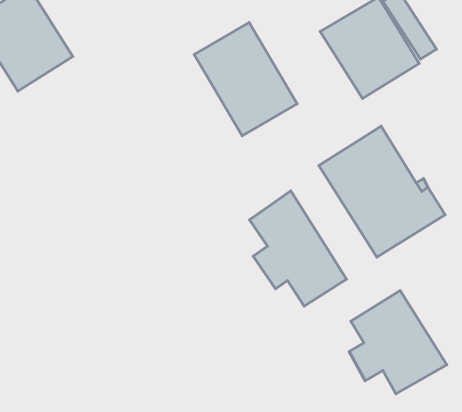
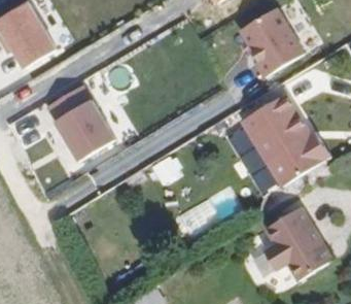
building: [194,22,297,136] -> [45,79,118,160]
building: [250,191,346,306] -> none

